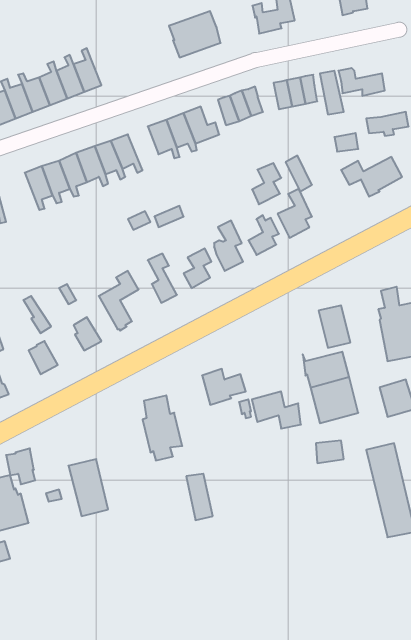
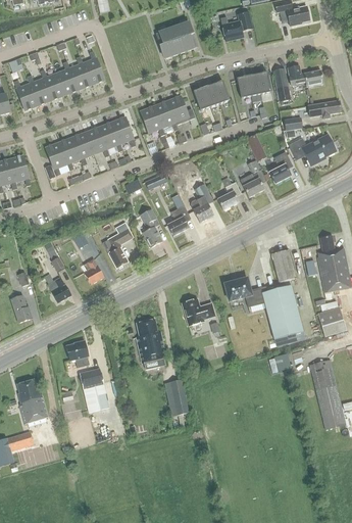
building: [252,163,281,204] -> [269,151,292,183]
building: [252,391,301,429] -> [223,277,261,305]
building: [6,448,35,484] -> [66,339,89,367]

